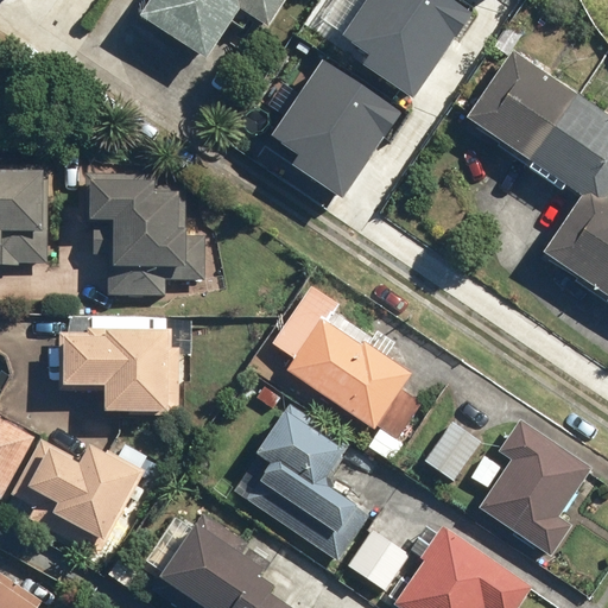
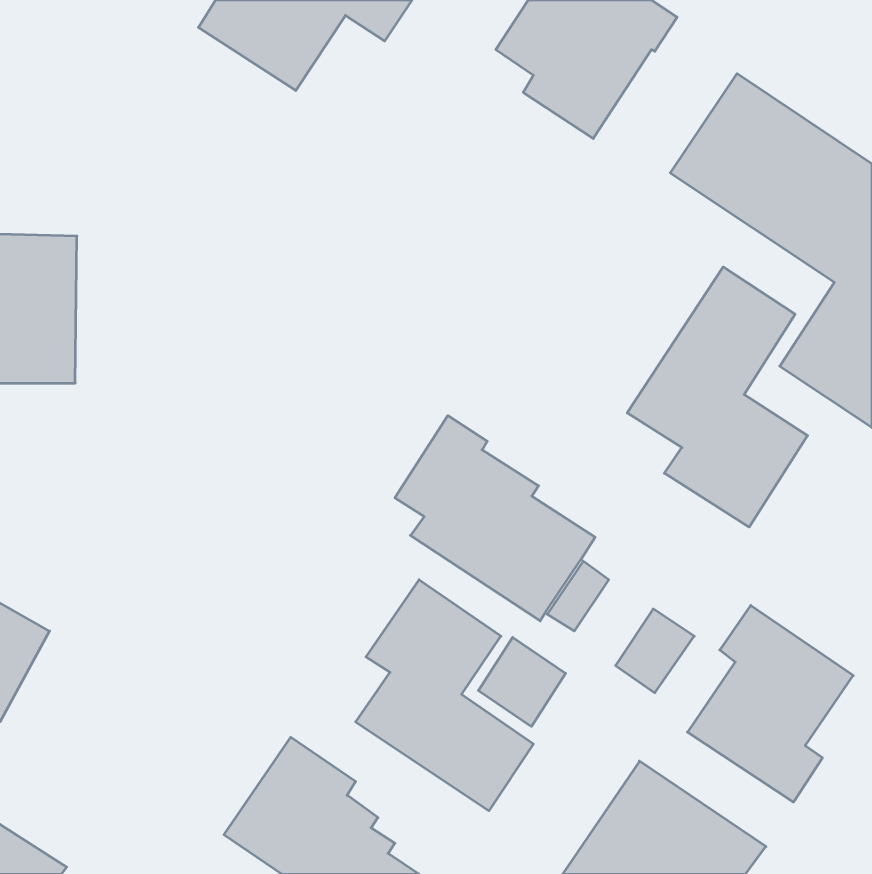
building: [272,59,400,197] -> none
building: [87,175,208,294] -> none
building: none -> [627,267,808,527]
building: [62,328,182,414] -> none
building: [12,438,148,558] -> none
building: [348,530,408,591] -> [478,637,566,726]

